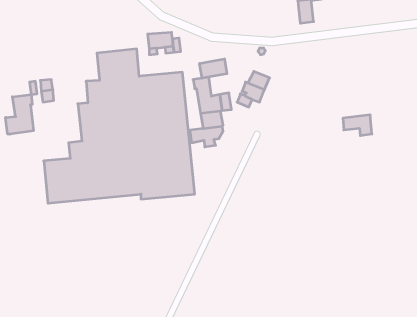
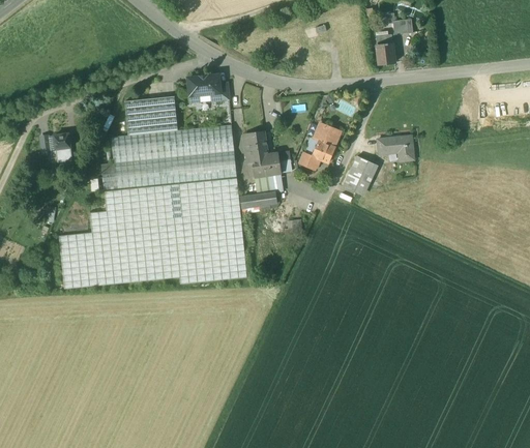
building: [200,59,227,78] -> none
building: [6,95,33,134] -> none
building: none -> [342,155,373,193]
building: [343,115,372,136] -> [377,135,413,160]

